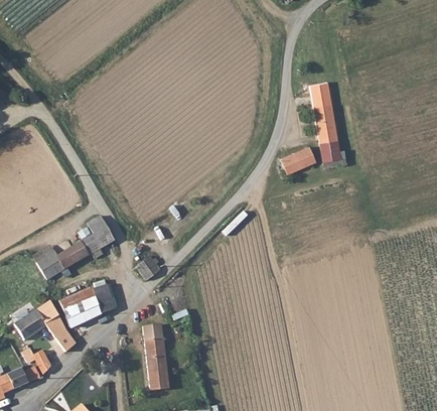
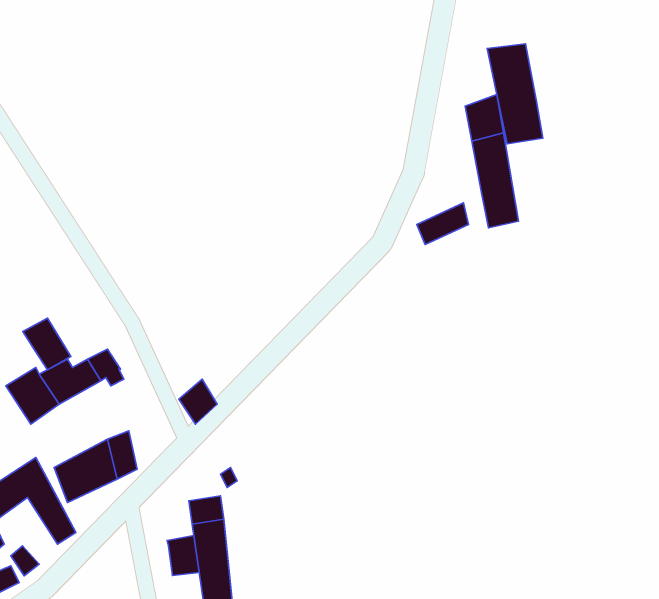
building: none -> [487,44,543,144]
building: [86,216,115,247] -> [23,318,71,370]
building: none -> [167,536,199,575]

